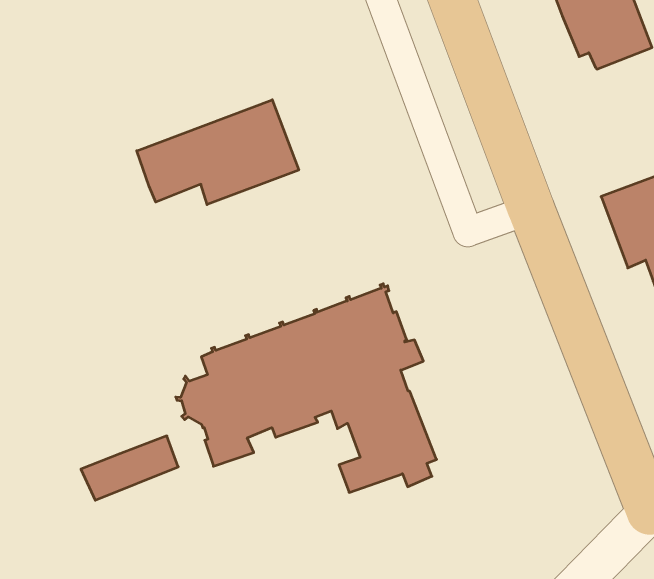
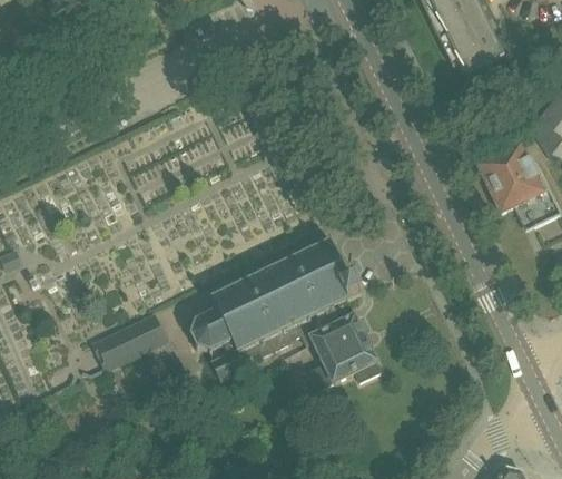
building: [137,100,299,205] -> none
building: [81,436,178,500] -> [95,314,164,364]

